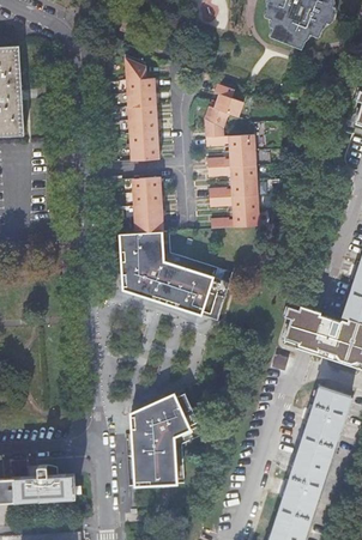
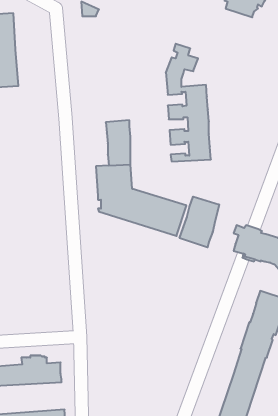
building: [123,56,158,162] -> none
building: none -> [180,197,219,247]
building: [129,389,204,486] -> none

